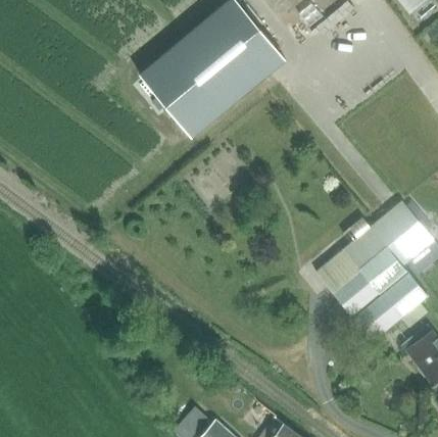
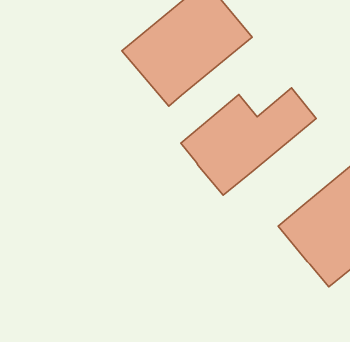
building: none -> [181,88,316,195]

